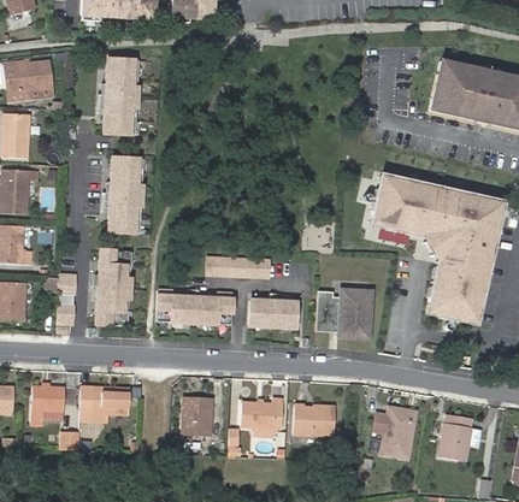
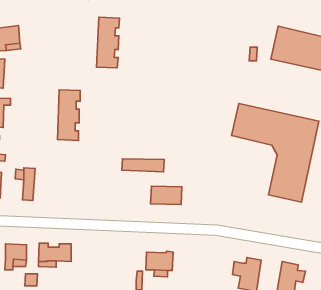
building: [104,57,138,132] -> [96,17,120,68]
building: [99,248,134,325] -> none
building: [315,289,371,337] -> none
building: [157,291,232,325] -> none
building: [183,396,213,435] -> none
building: [295,403,337,432] -> none

